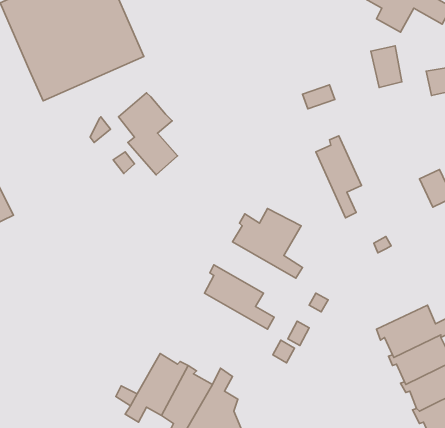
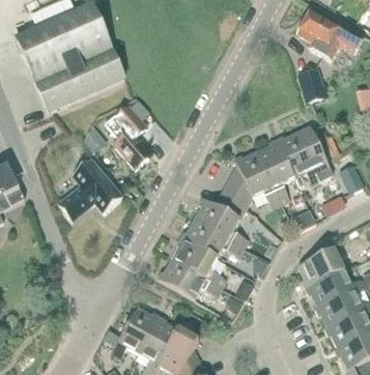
building: none -> [276,125,332,183]
building: none -> [221,150,281,207]
building: none -> [58,158,122,221]
building: none -> [179,220,243,259]
building: none -> [297,242,351,287]
building: none -> [158,259,221,299]

